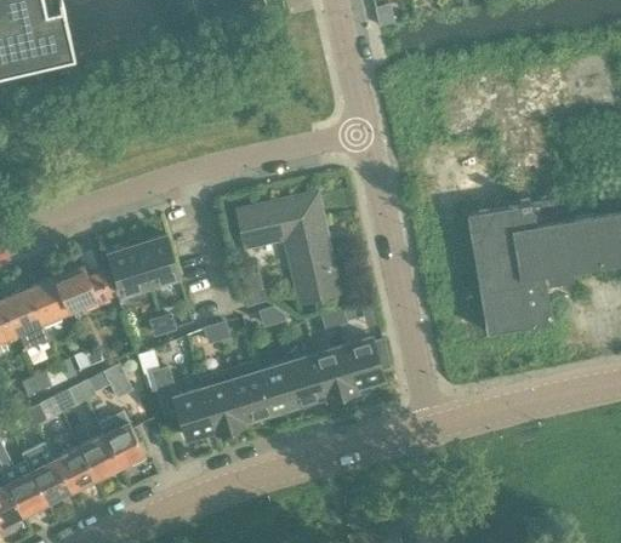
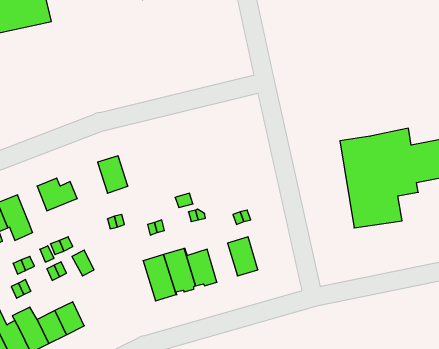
building: [240,198,334,292] -> none
building: [108,245,150,296] -> none
building: [28,278,68,328] -> none
building: [342,338,388,391] -> none
building: [286,355,327,408] -> none
building: [152,368,216,439] -> none
building: [97,411,144,468] -> none

